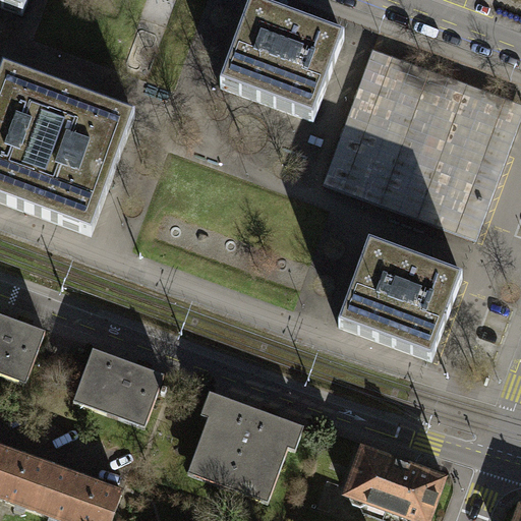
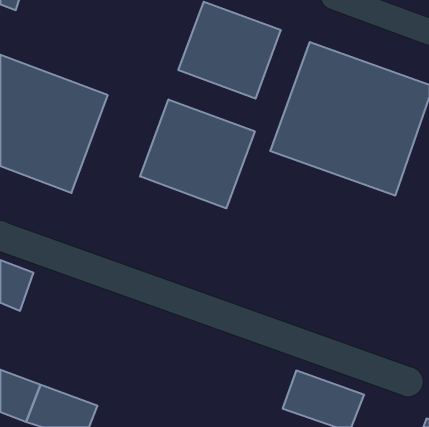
building: none -> [140,99,255,208]
building: [335,241,459,358] -> none
building: [73,347,161,418] -> none
building: [187,393,294,494] -> none

